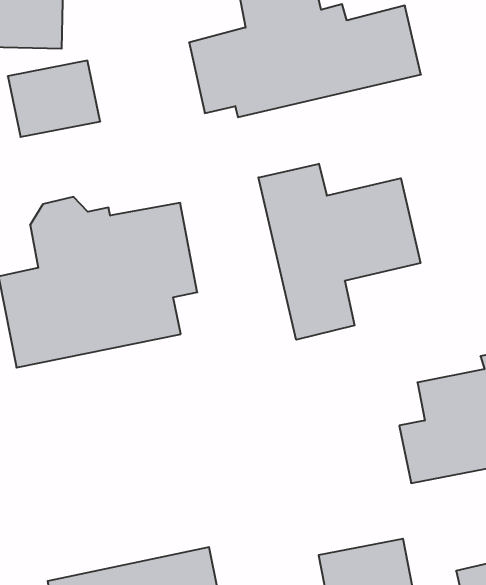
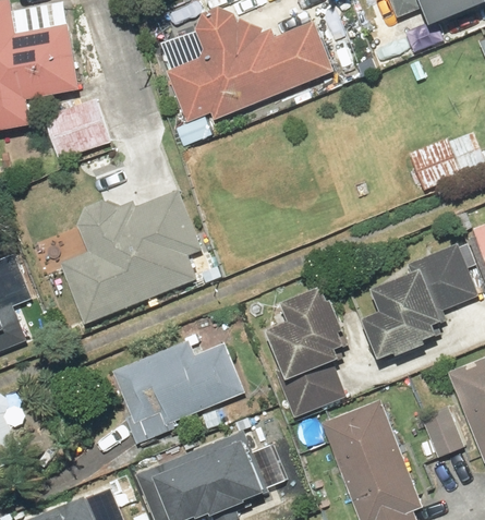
building: [258,164,420,340] -> none
building: none -> [260,288,348,415]
building: none -> [113,340,242,445]

